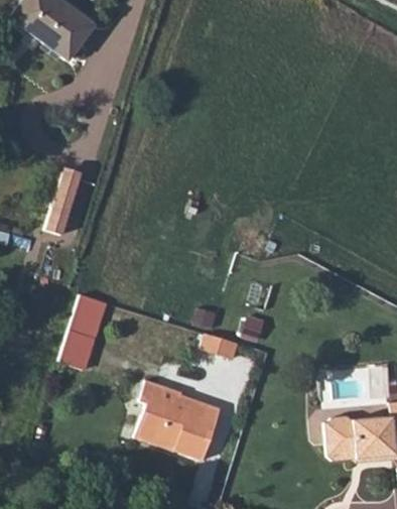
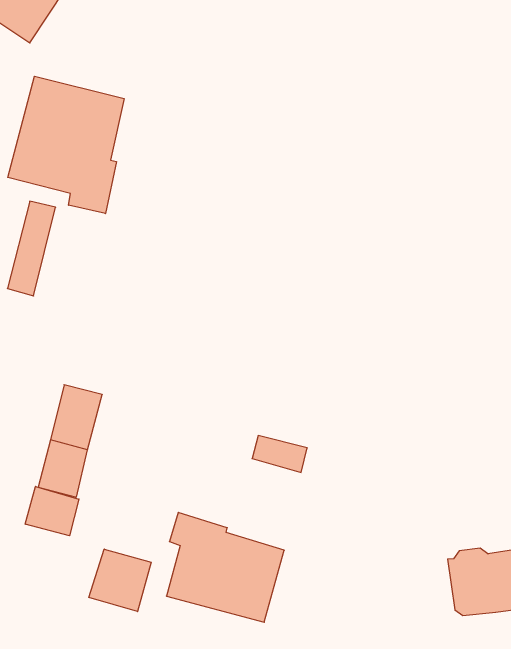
building: none -> [8,76,124,214]
building: none -> [25,486,79,536]
building: none -> [89,549,151,612]

